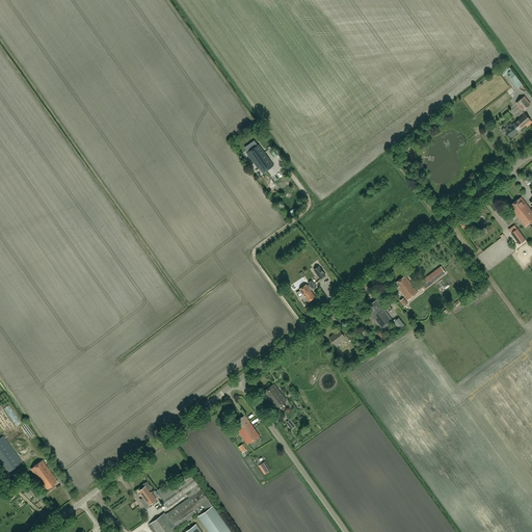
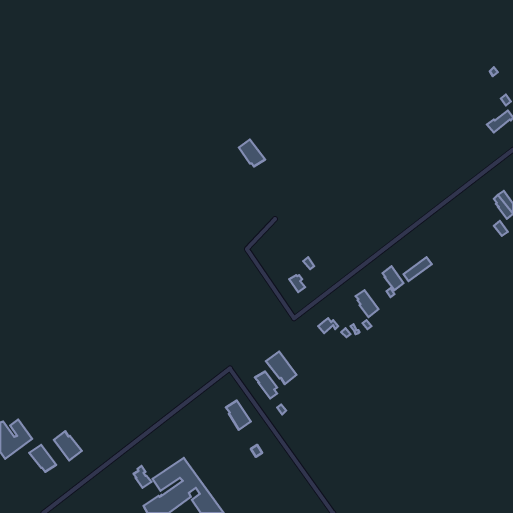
building: none -> [266,351,297,384]
building: none -> [54,431,82,460]

